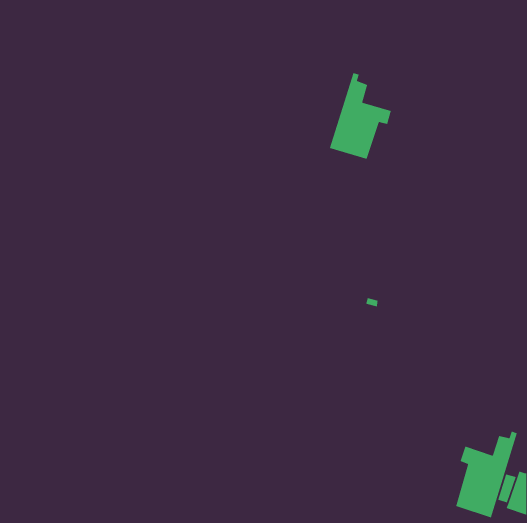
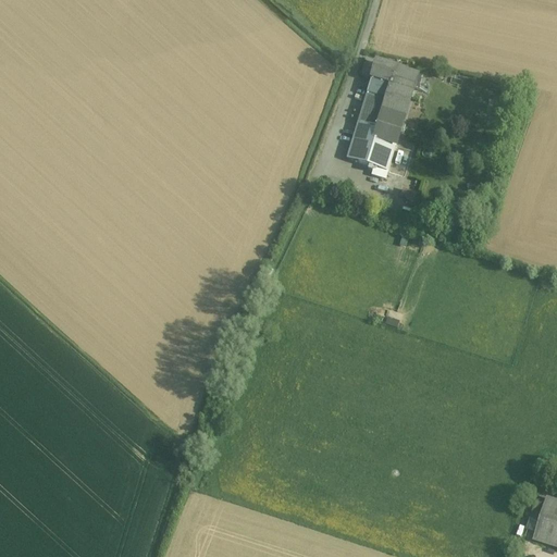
building: none -> [372,60,419,116]
building: [455,430,518,518] -> none

